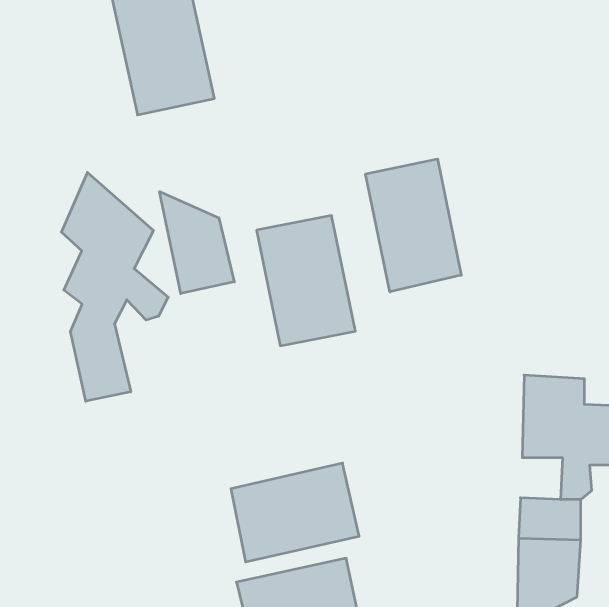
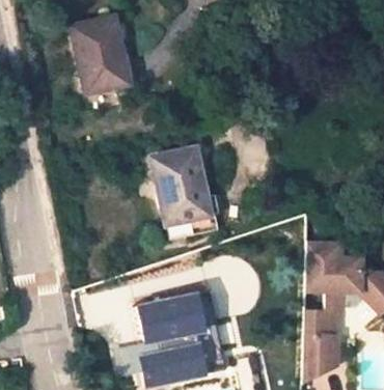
building: [366,159,461,292] -> none
building: [61,172,168,401] -> none
building: [160,192,234,294] -> none

